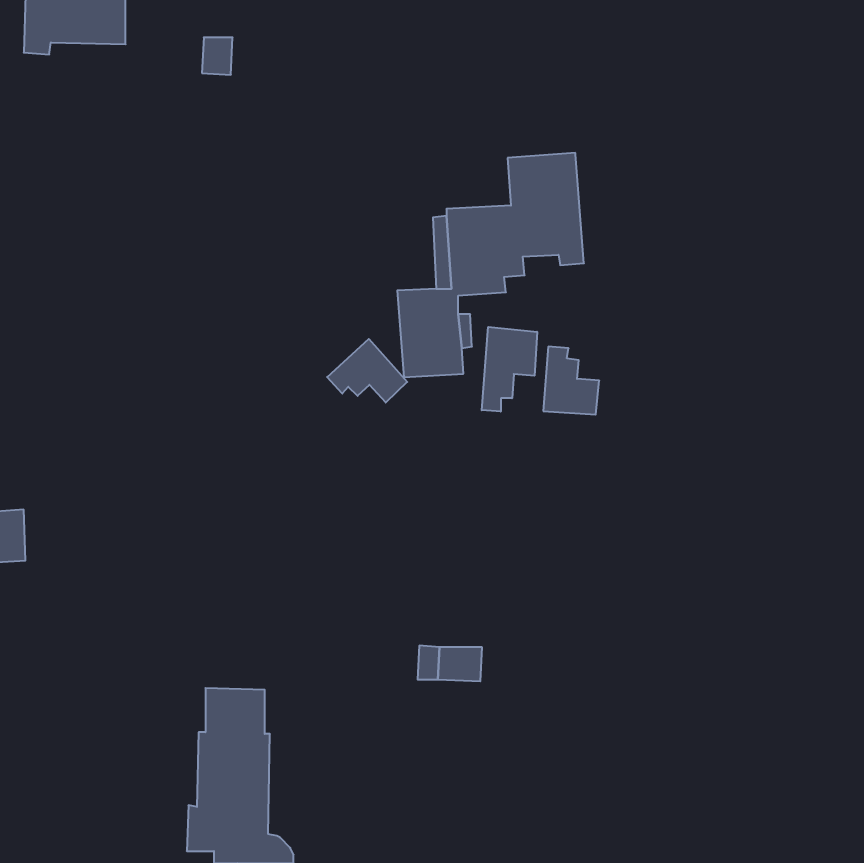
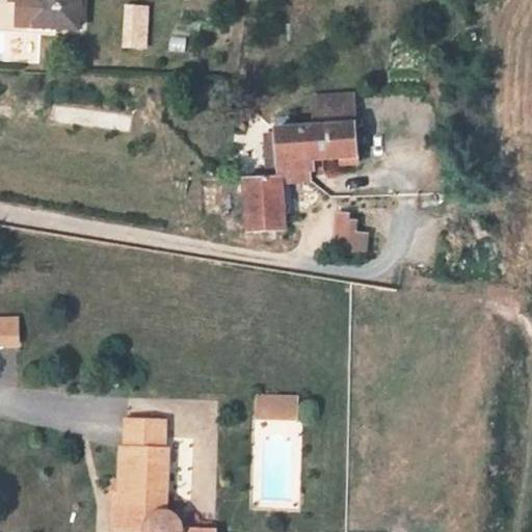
building: [482,327,537,412] -> none
building: [327,339,407,403] -> none

